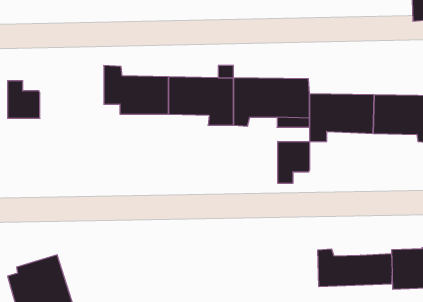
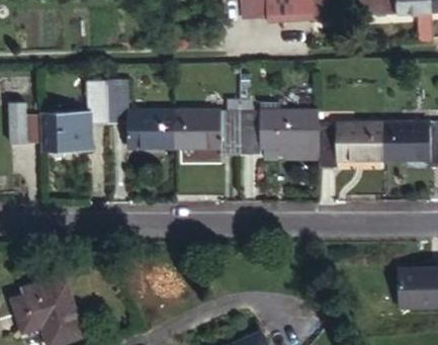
building: none -> [46,89,109,153]
building: [278,141,309,183] -> none
building: [318,249,392,287] -> none

